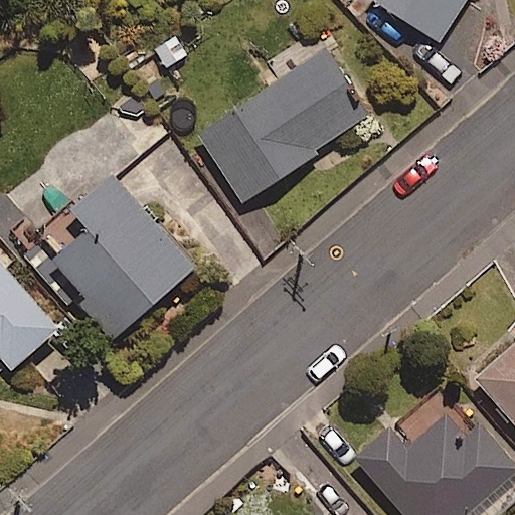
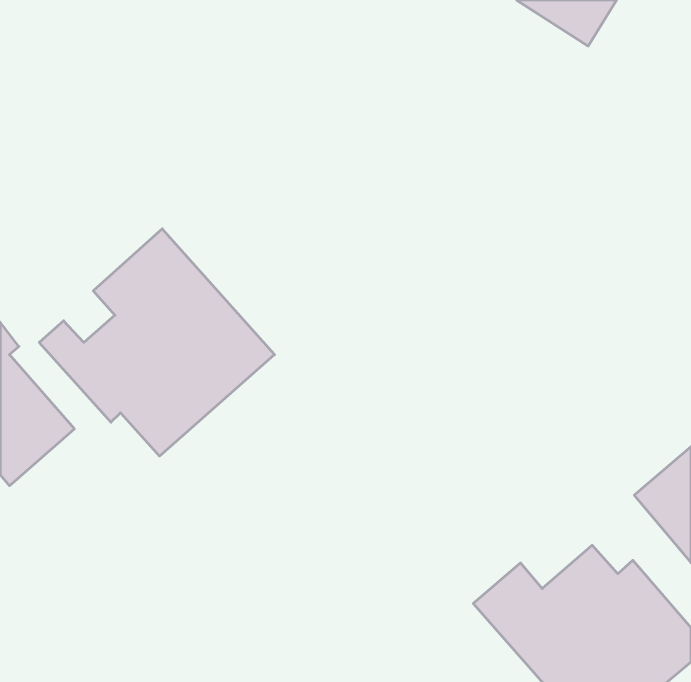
building: [196,49,366,199] -> none

